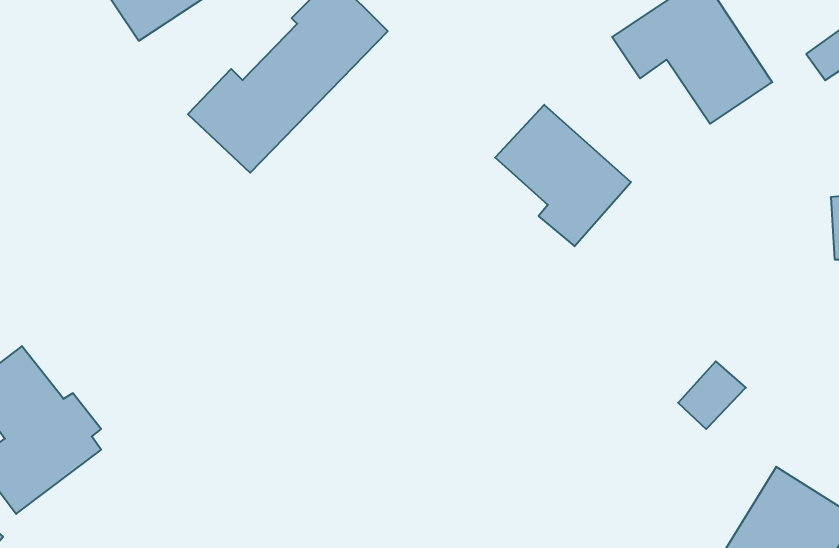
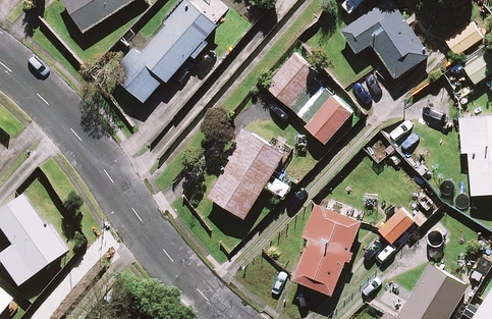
building: none -> [208,127,283,217]
building: none -> [292,203,360,294]

